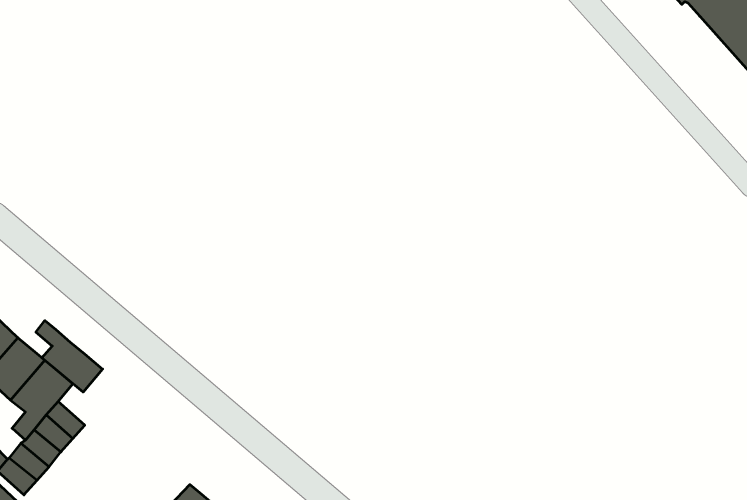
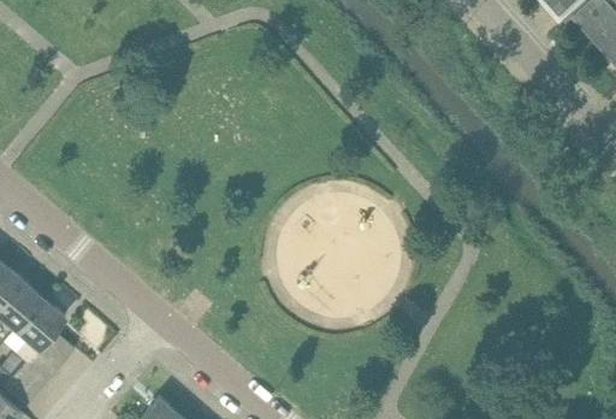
building: [36,321,103,392] -> none

